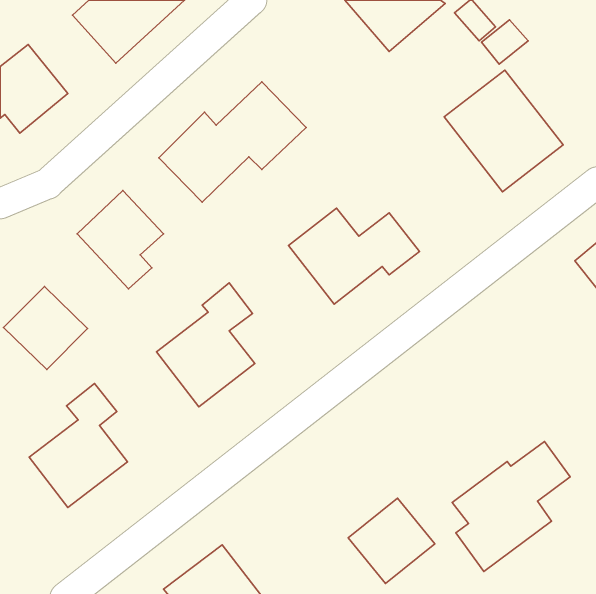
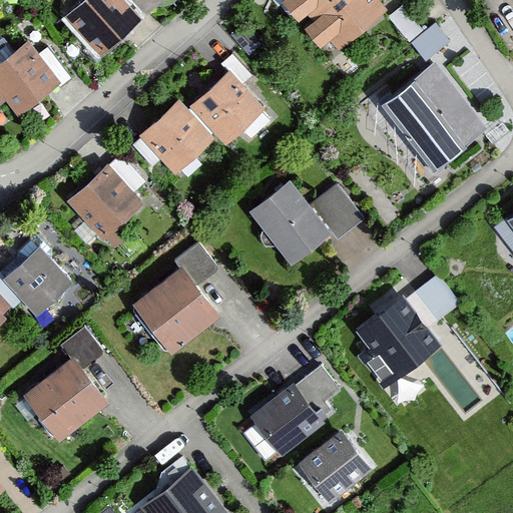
building: none -> [249,367,337,456]
building: [452,442,570,571] -> [355,278,456,389]

